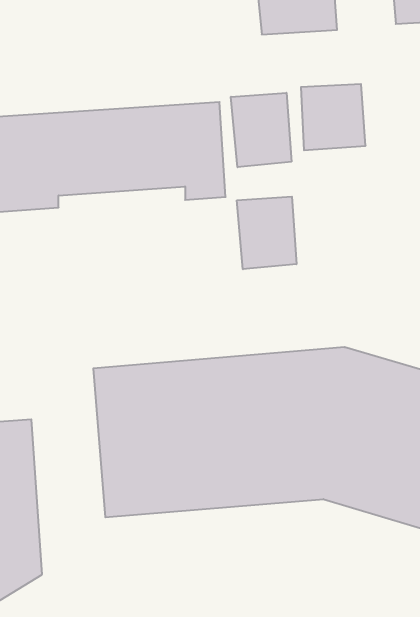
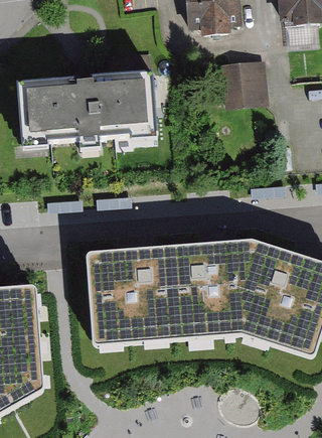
building: [231,93,291,167] -> none
building: [237,197,296,269] -> none

